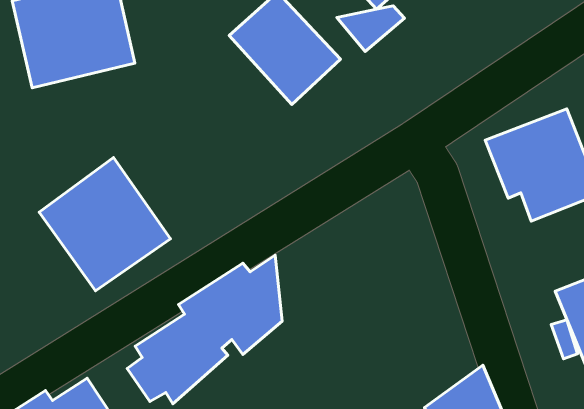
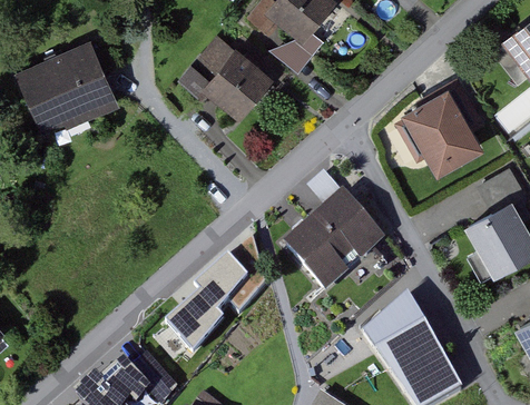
building: [39,158,171,291] -> none
building: none -> [281,190,387,296]

